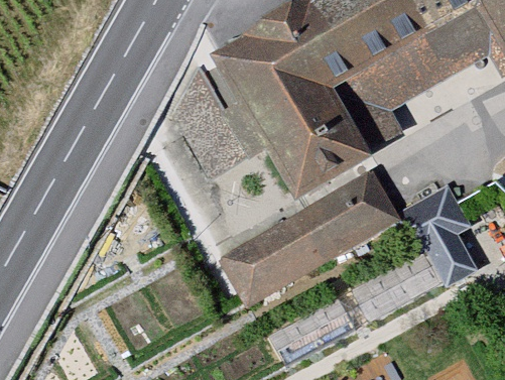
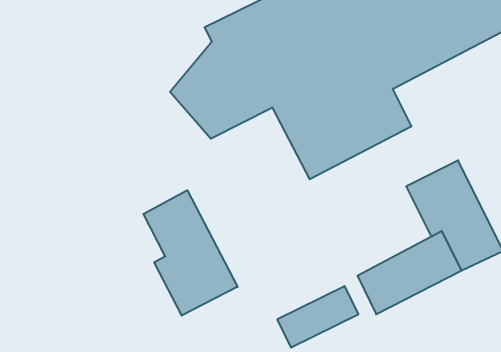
building: [219,173,398,303] -> none
building: none -> [143,190,238,316]

